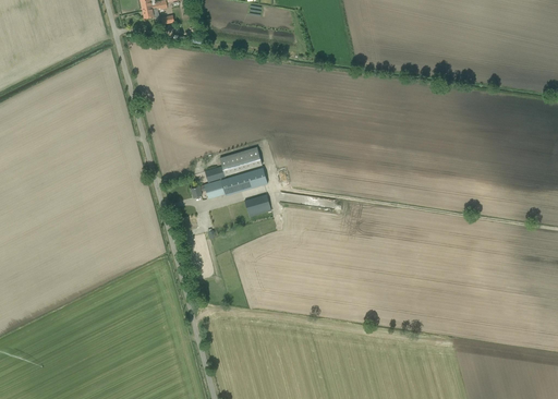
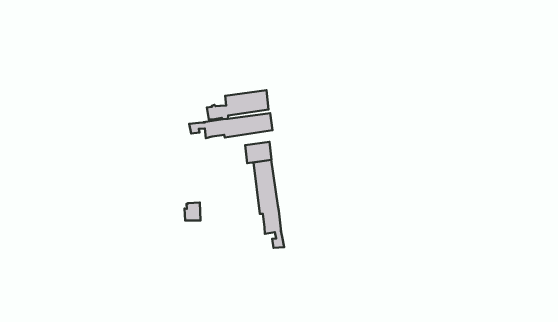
building: none -> [254,160,284,248]

